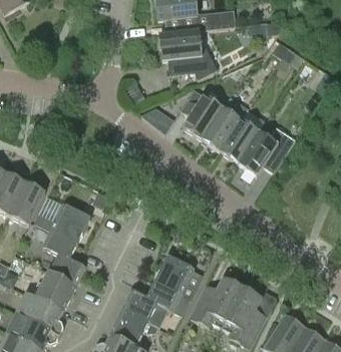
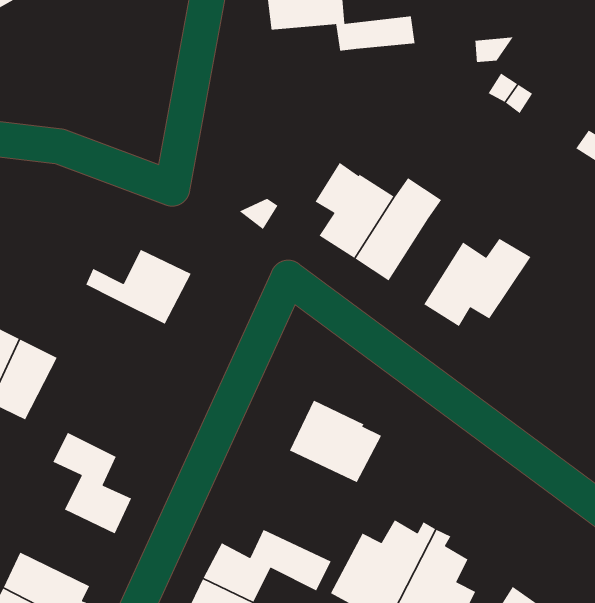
building: [158,29,218,79] -> none
building: [220,118,259,163] -> none
building: [34,204,90,244] -> [85,249,192,325]
building: [153,255,203,299] -> [289,400,382,483]
building: [25,272,75,312] -> none

